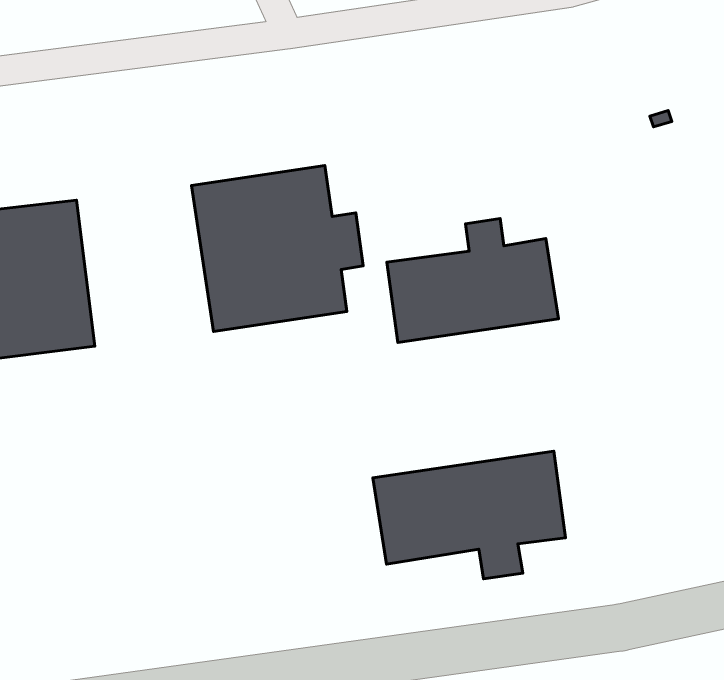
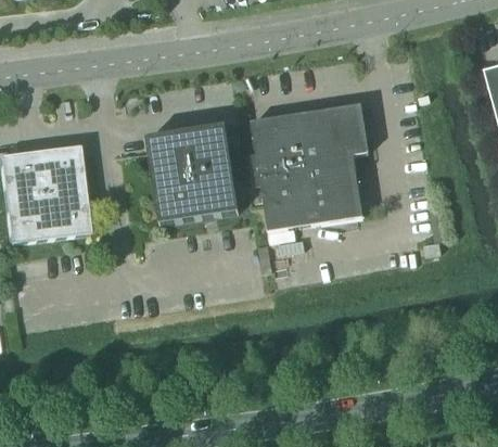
building: none -> [243,104,369,184]
building: [373,451,566,579] -> none

